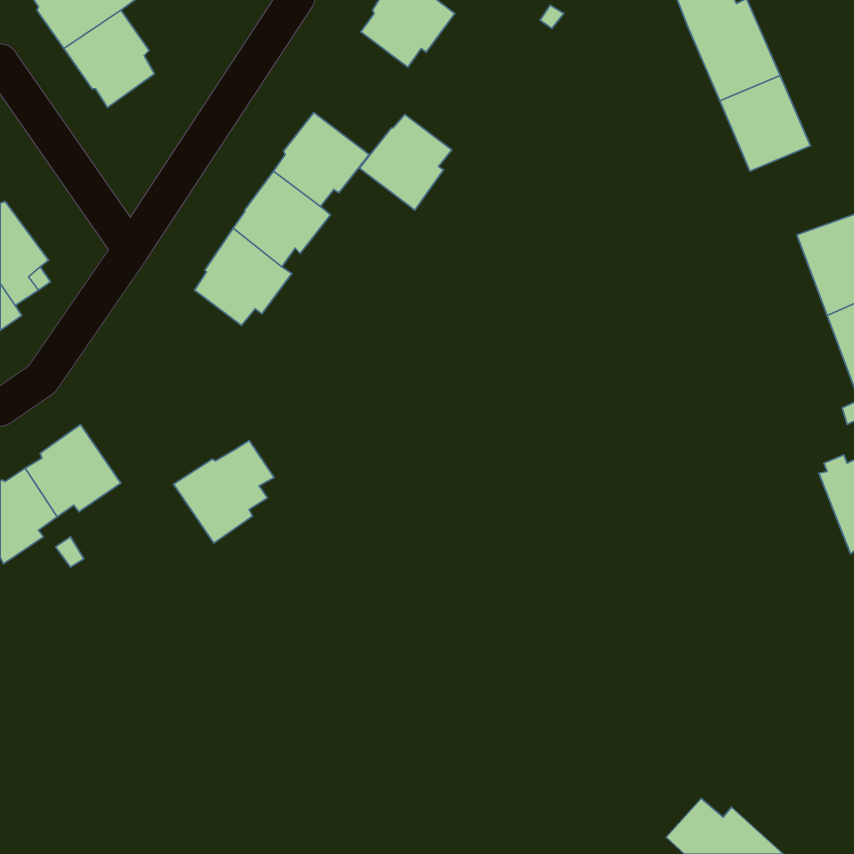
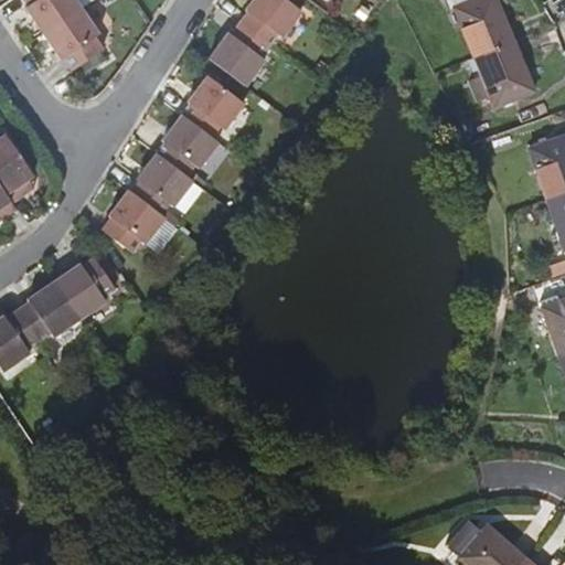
building: [360,115,452,210] -> [210,21,270,84]
building: none -> [100,189,164,252]
building: [174,441,274,543] -> [55,250,121,318]

